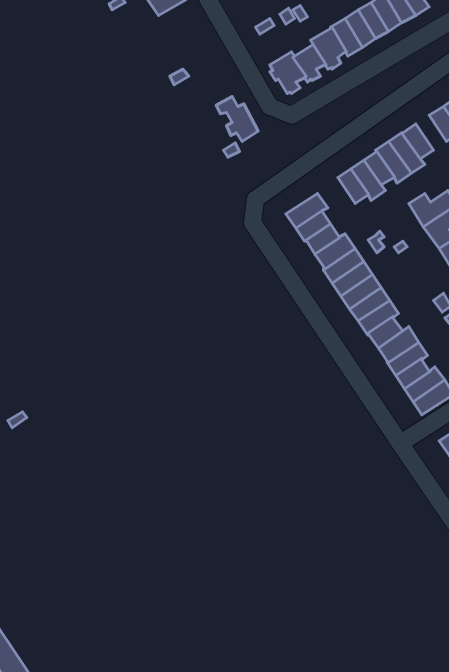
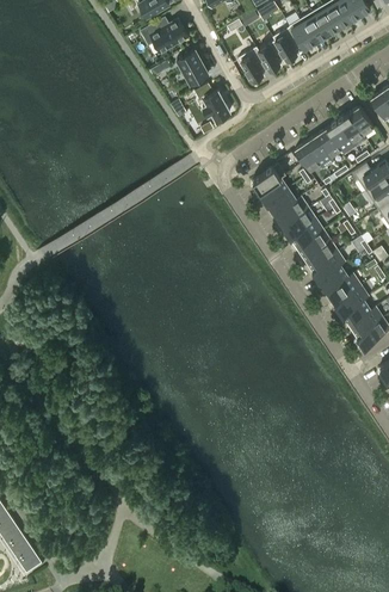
building: none -> [140,19,187,53]
building: none -> [177,50,208,85]

